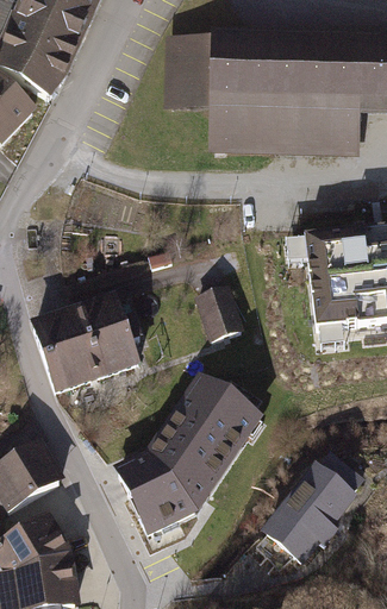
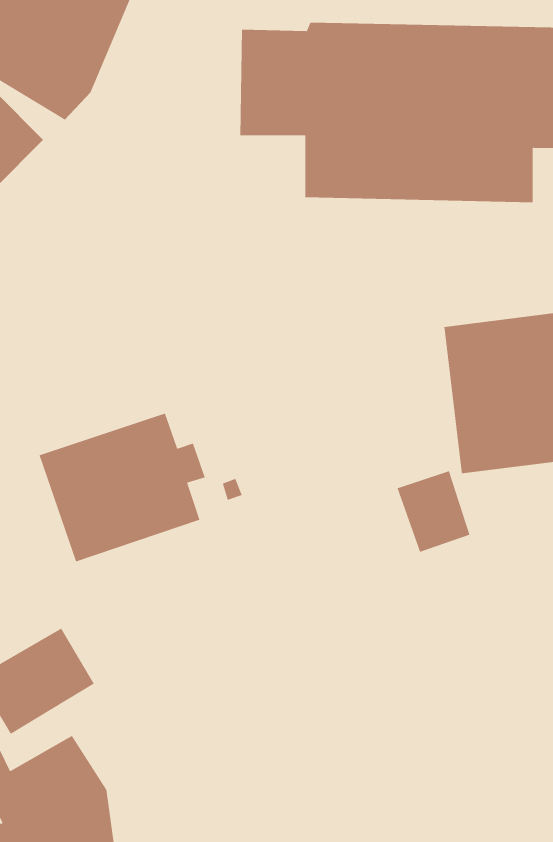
building: [193,284,243,340] -> [397,470,470,553]
building: [118,379,257,532] -> none
building: [257,451,364,566] -> none

